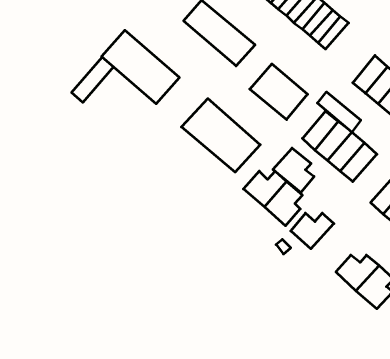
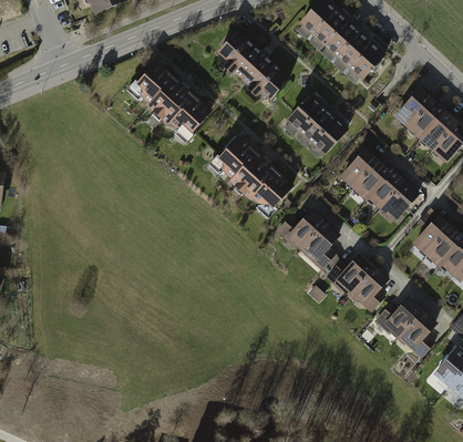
building: [72,57,113,102] -> none
building: [317,92,361,132] -> none
building: [273,148,314,193] -> none
building: none -> [349,266,390,312]

